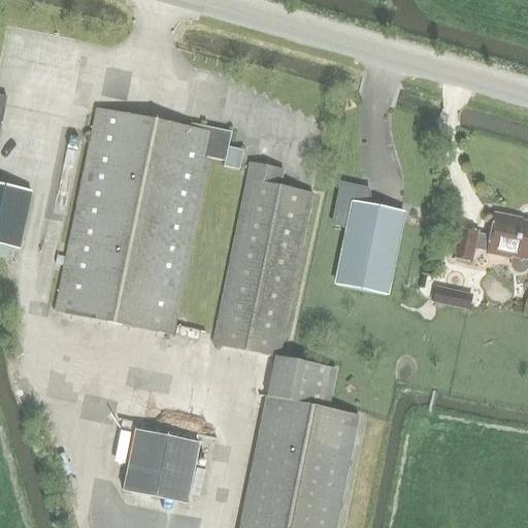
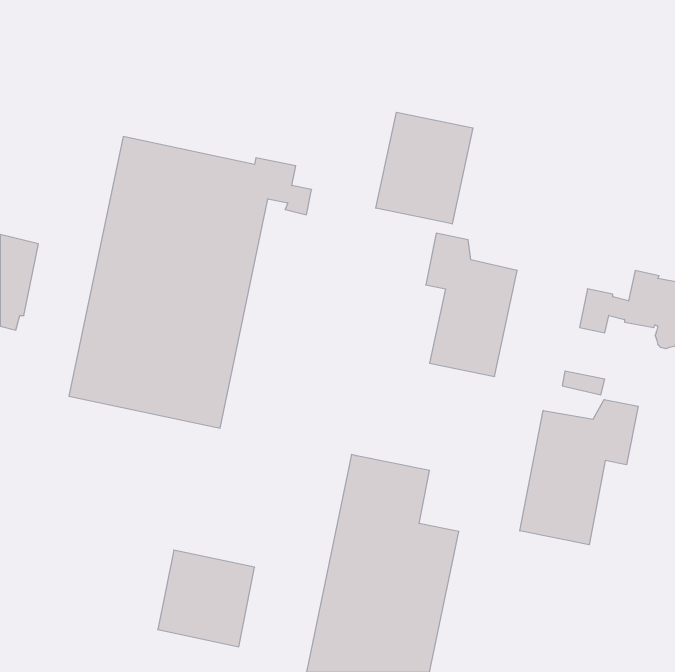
building: none -> [376,112,473,224]
building: [213,161,314,355] -> none
building: none -> [520,400,638,545]

